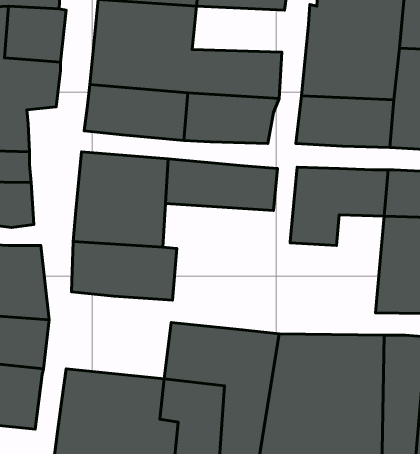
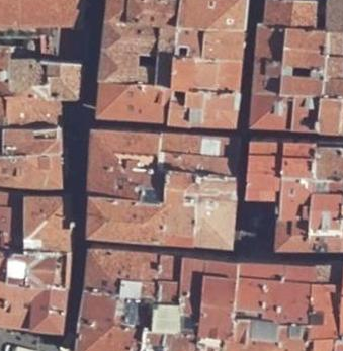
building: none -> [175,27,242,61]
building: none -> [154,170,234,247]
building: none -> [276,178,314,249]
building: none -> [84,250,160,296]

